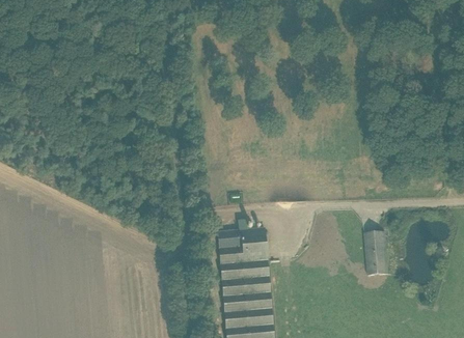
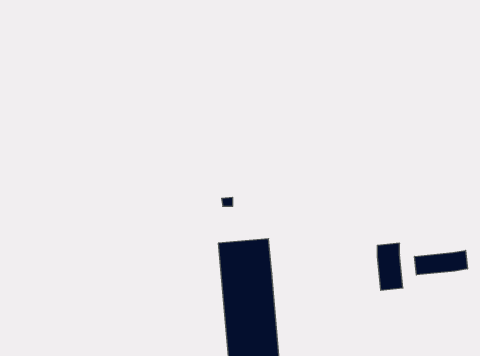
building: none -> [415,250,467,275]

